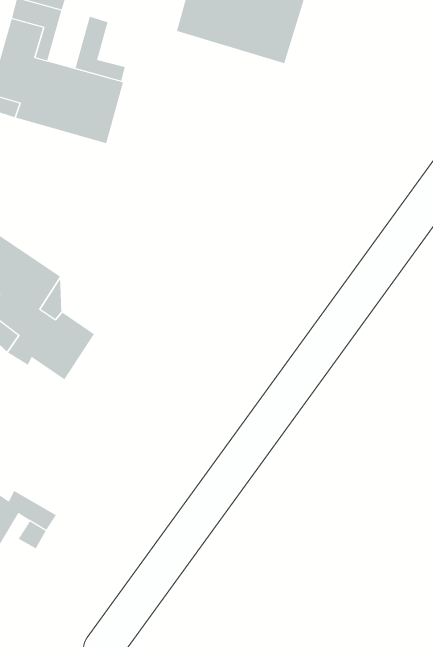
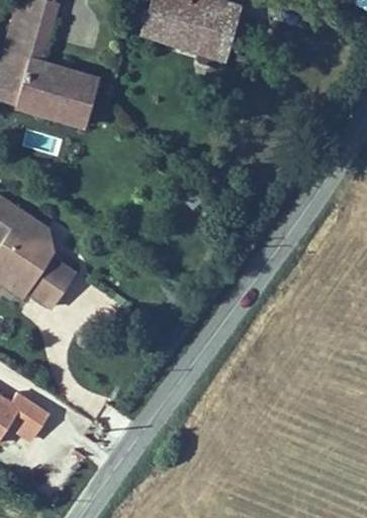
building: [75,16,126,82] -> none

